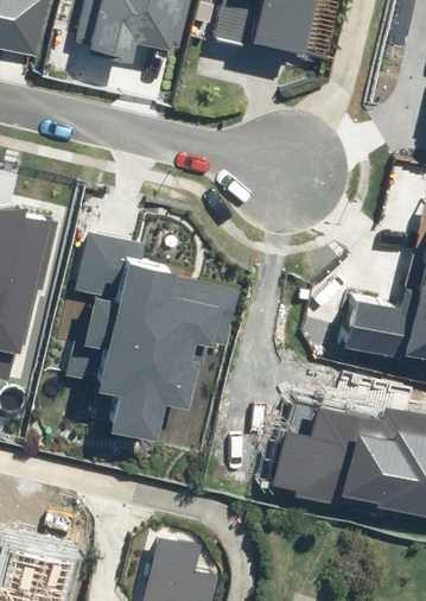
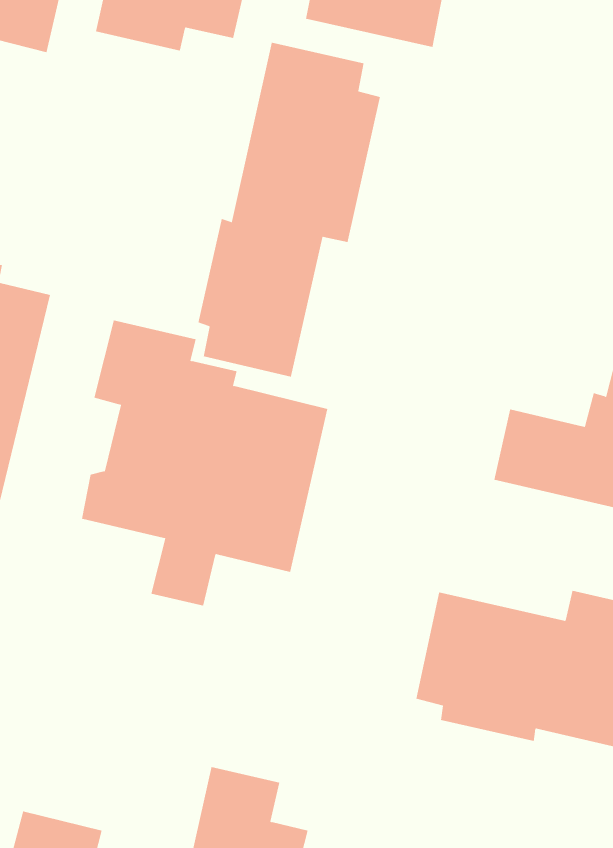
building: none -> [198,42,381,377]

